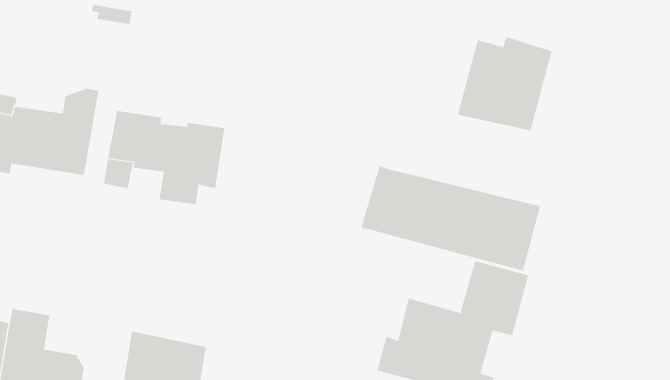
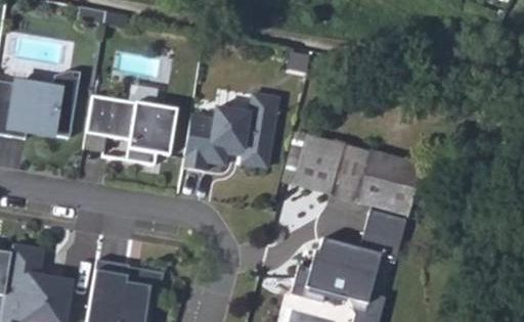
building: [457,36,552,131] -> none
building: none -> [181,95,277,173]

